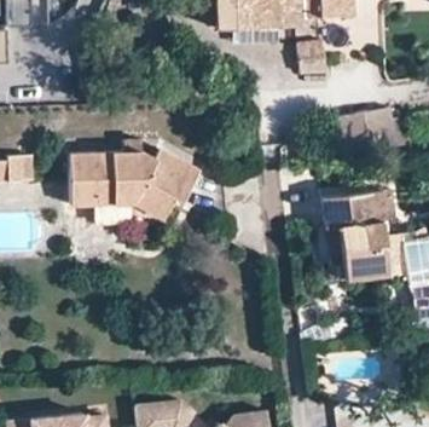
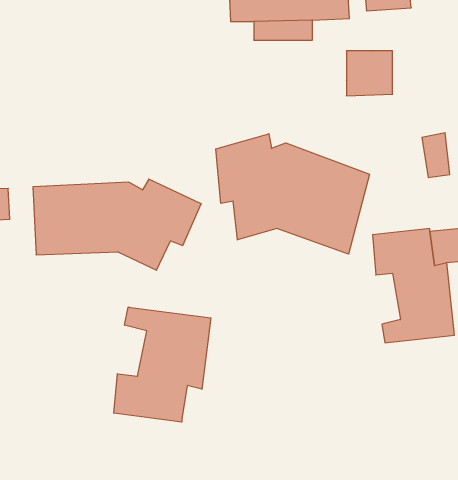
building: none -> [216,134,369,254]
building: none -> [114,307,211,422]

